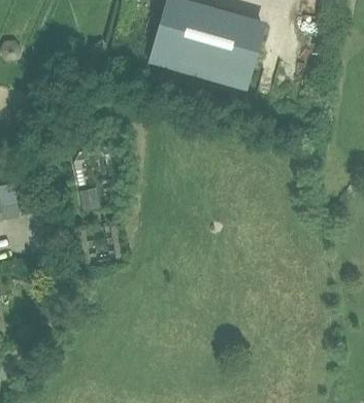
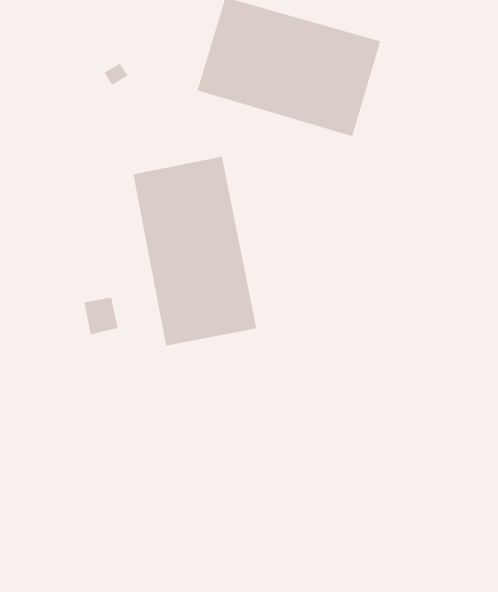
building: none -> [133,156,257,347]

